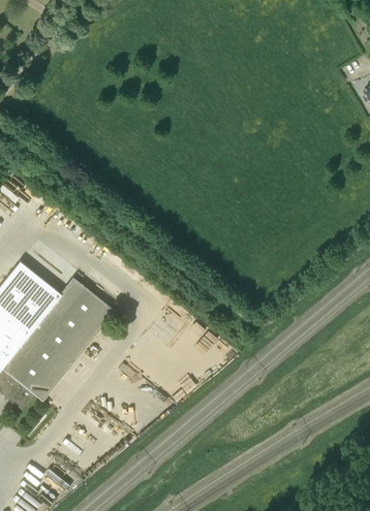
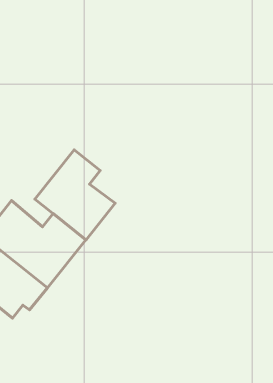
building: none -> [35,150,115,240]

